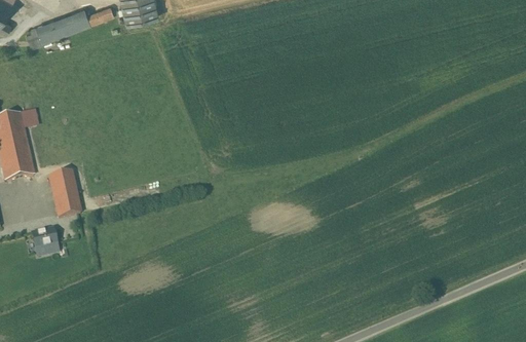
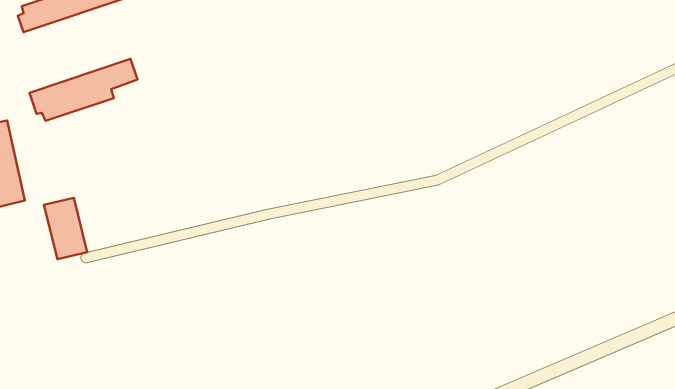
building: none -> [29,59,138,121]
building: [32,228,59,258] -> none

